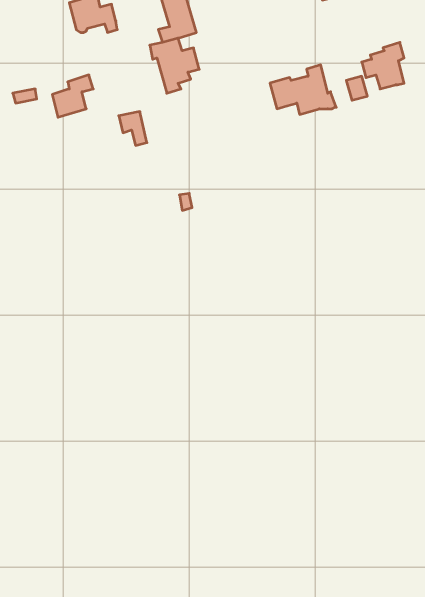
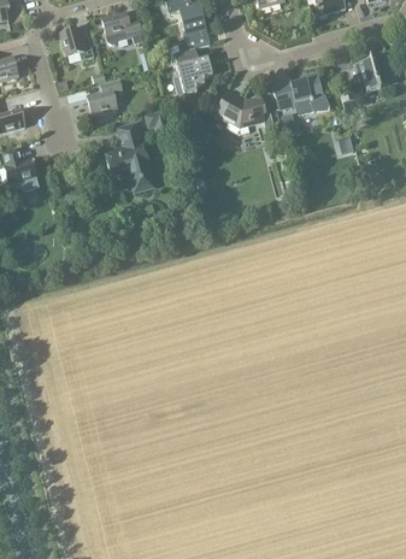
building: none -> [59,27,94,58]
building: none -> [214,93,273,133]
building: none -> [105,123,154,192]

